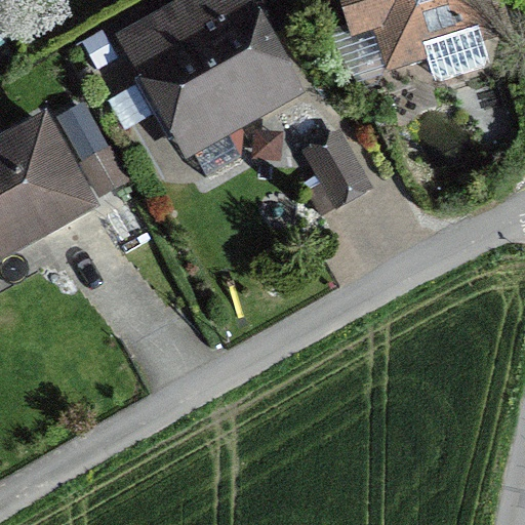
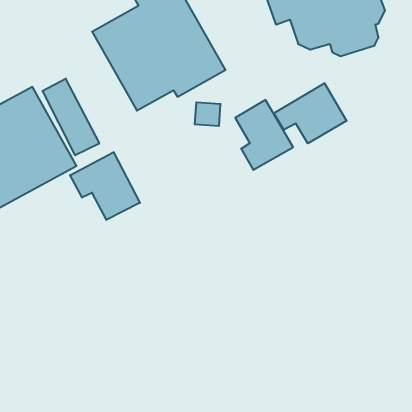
building: none -> [274,83,347,143]
building: none -> [70,152,140,220]

